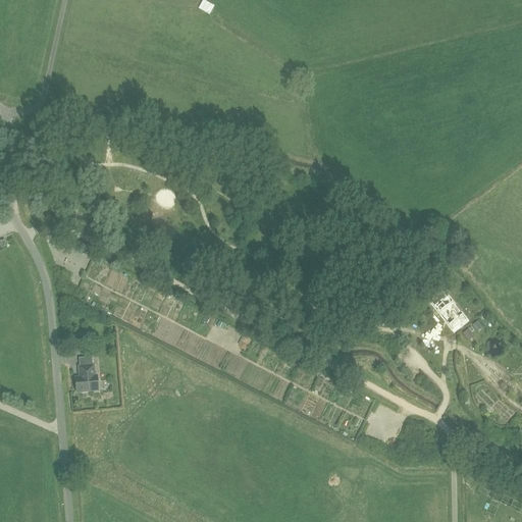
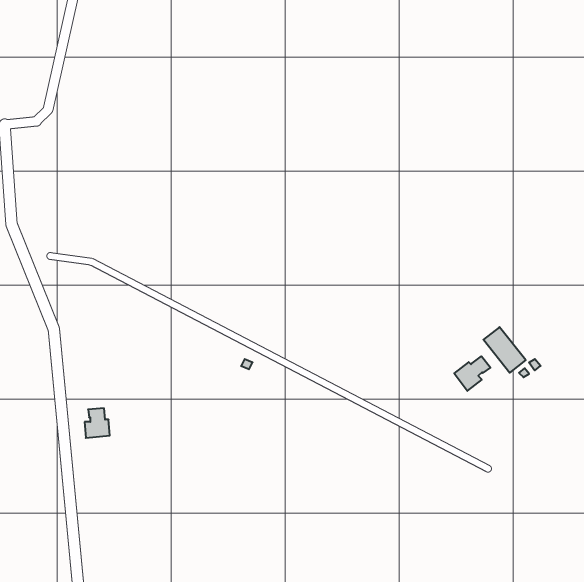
building: none -> [454,356,490,391]

